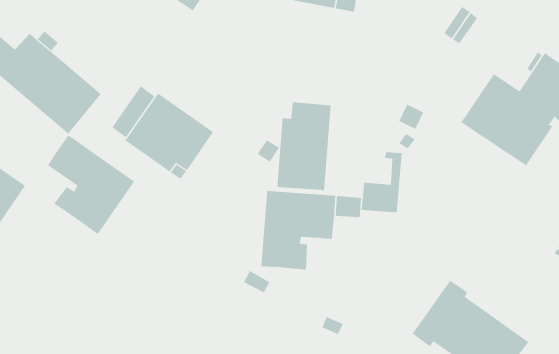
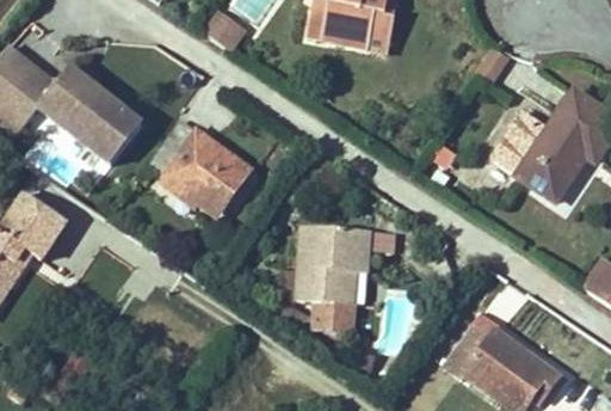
building: [277,101,331,191] -> none
building: [47,134,135,235] -> none
building: [361,152,402,213] -> [314,270,354,330]

